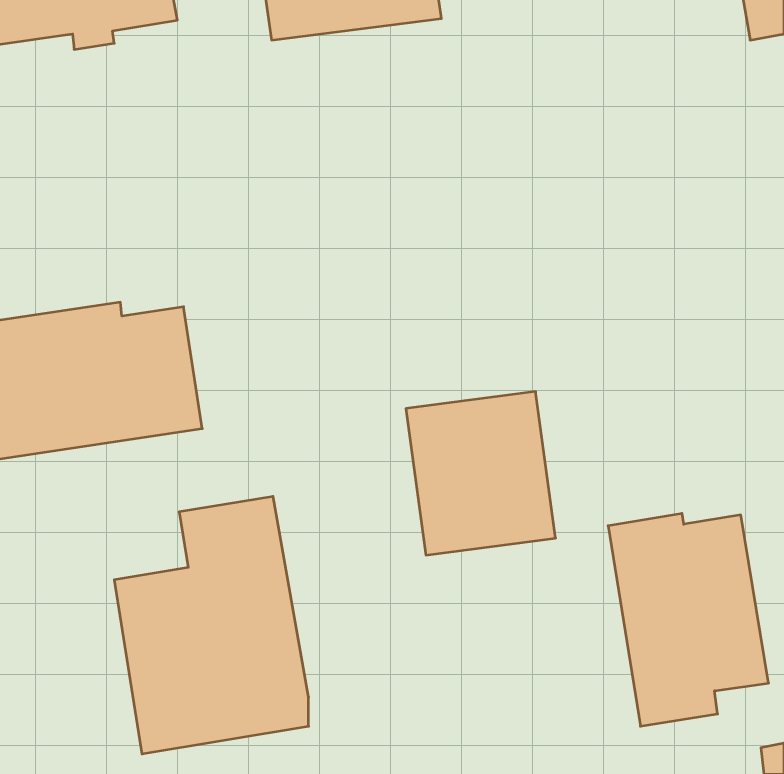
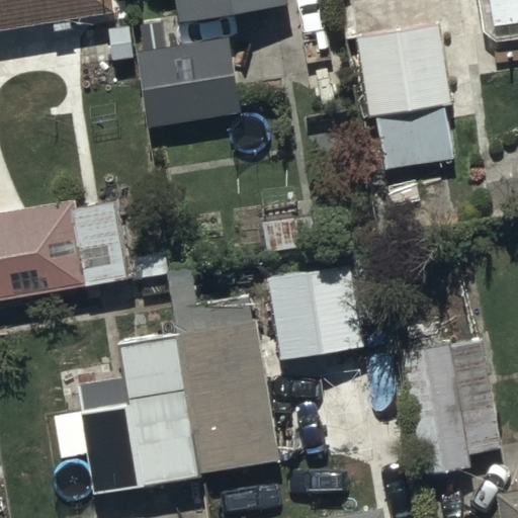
building: none -> [357,14,453,164]
building: none -> [133,30,241,130]
building: none -> [179,313,278,457]

